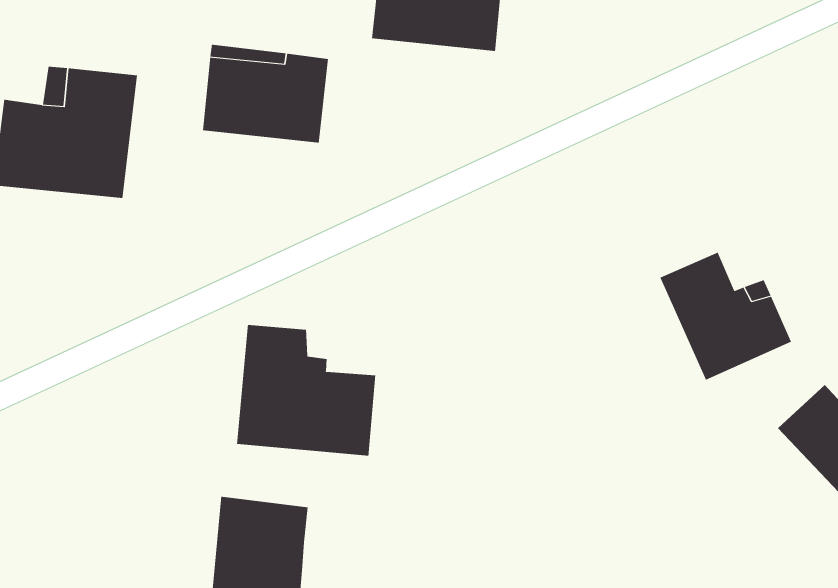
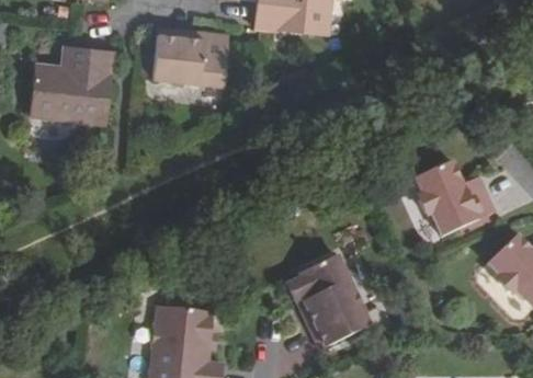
building: [237,324,376,457] -> none
building: none -> [288,254,371,345]

